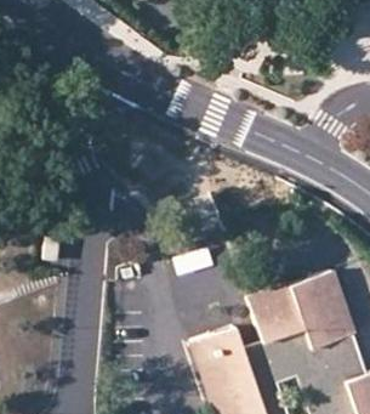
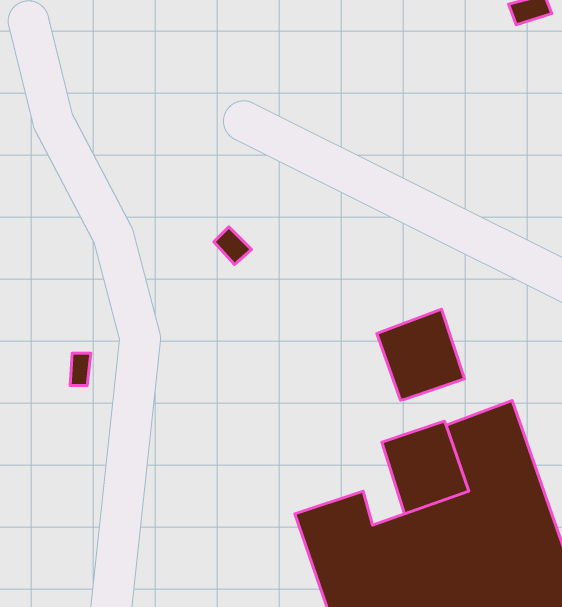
building: none -> [377,309,465,400]

